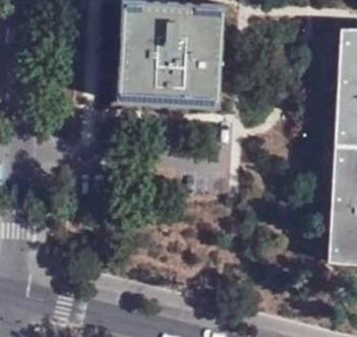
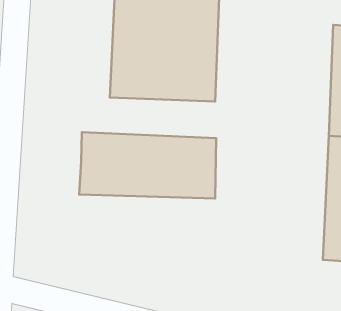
building: none -> [79,132,216,199]

